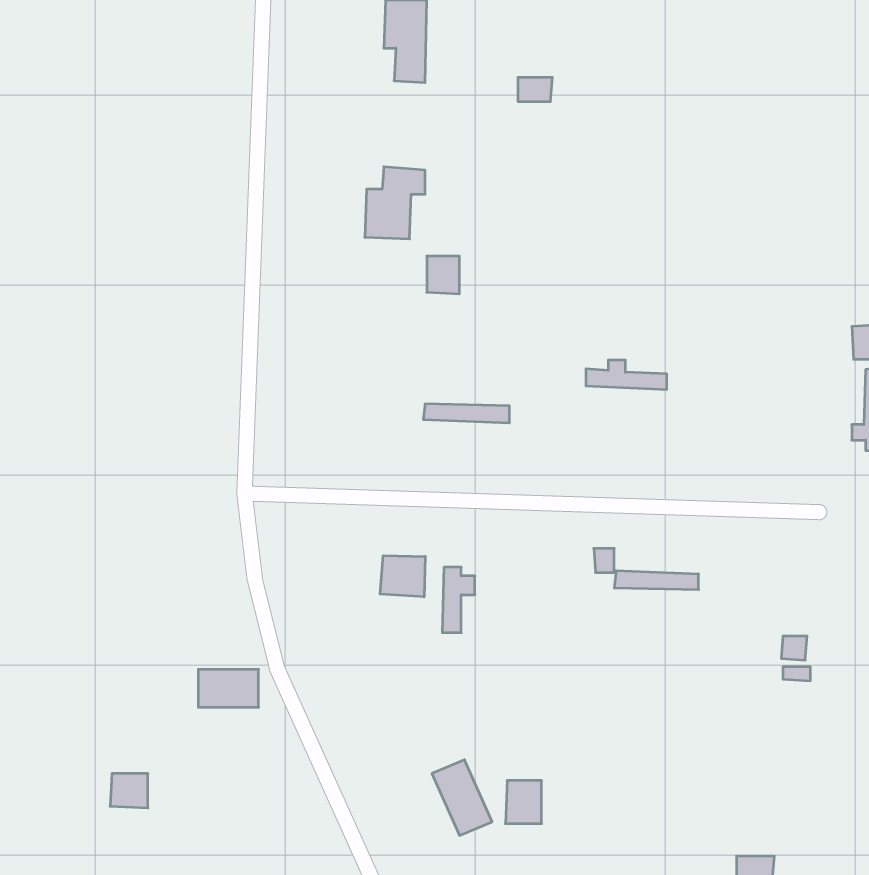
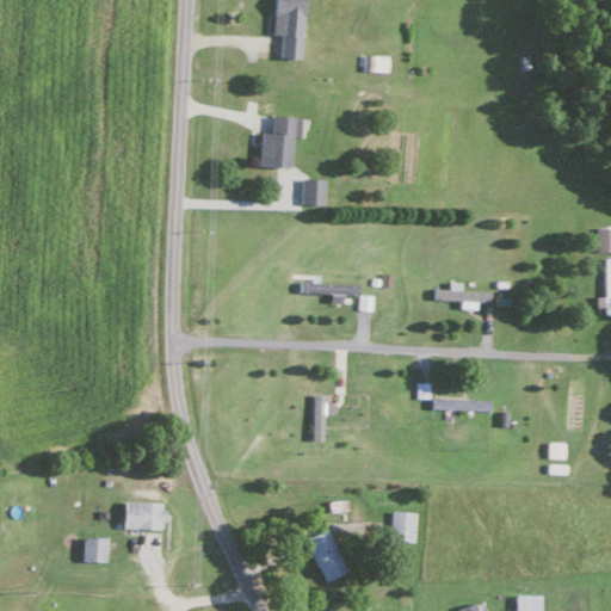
building: [586,360,667,389] -> [436,283,492,303]
building: [380,556,425,597] -> none
building: [198,669,259,707] -> [124,504,166,530]
building: [505,781,542,824] -> [393,513,418,543]

